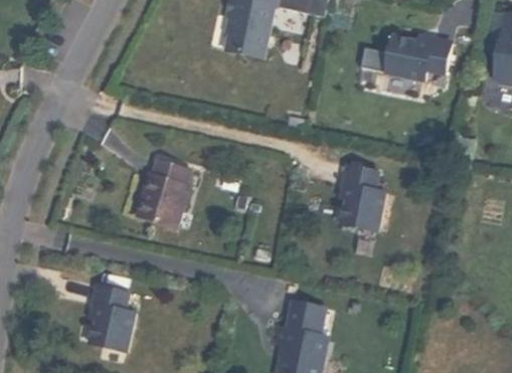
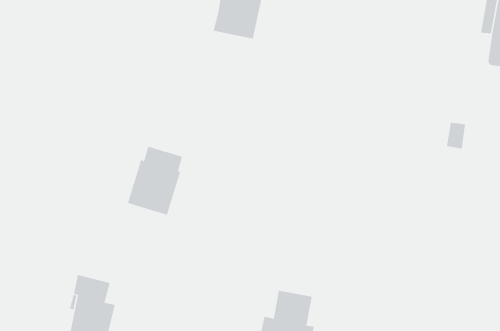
building: [383,35,450,79] -> none
building: [338,164,383,230] -> none

